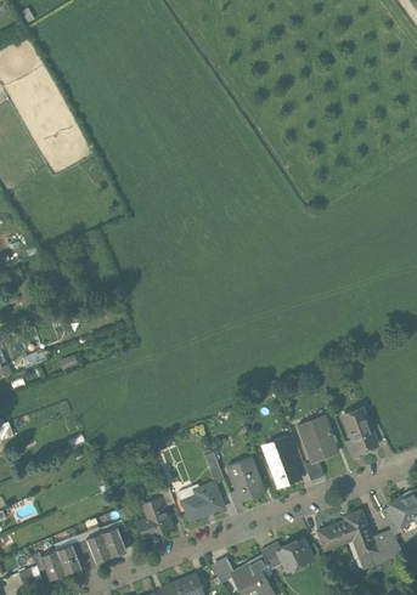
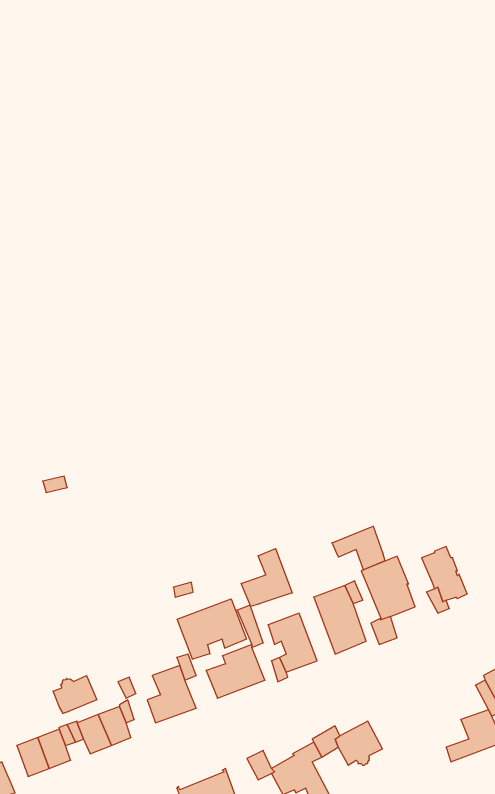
building: none -> [332,526,385,570]
building: none -> [241,549,292,606]
building: none -> [177,599,246,659]
building: none -> [53,676,97,713]
building: [317,510,377,557] -> none

